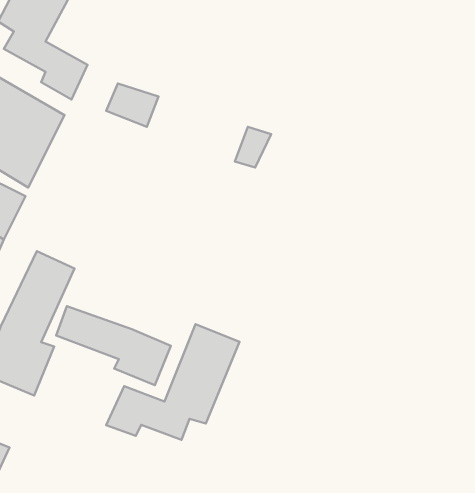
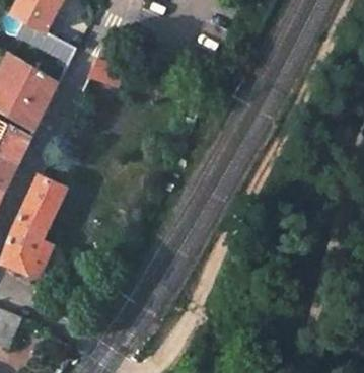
building: [56,306,171,385] -> none
building: [106,324,239,440] -> none

